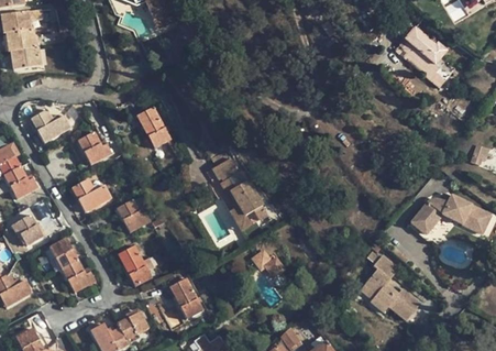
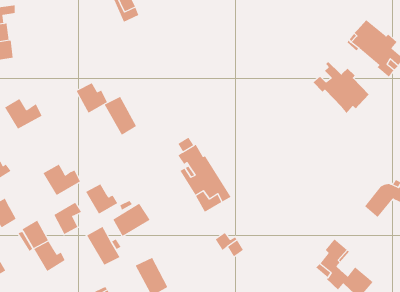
building: none -> [313,61,369,114]
building: [78,132,112,165] -> [76,82,108,114]
building: none -> [54,202,82,235]
building: none -> [113,203,150,237]

